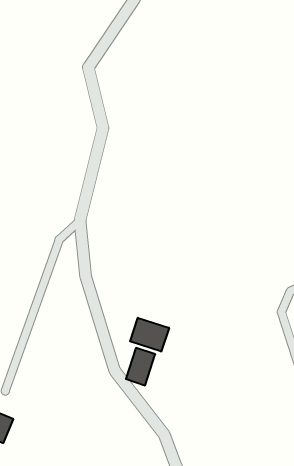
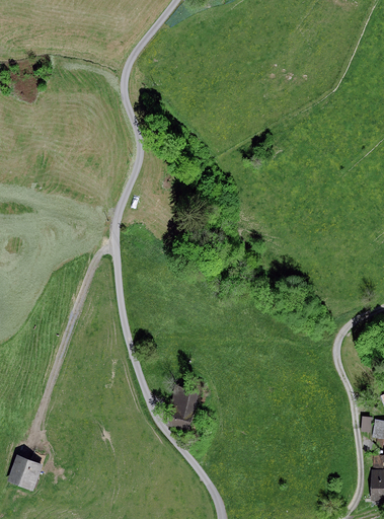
building: [130,318,169,352] -> none

